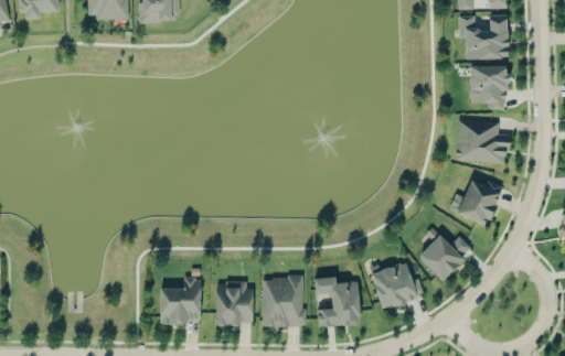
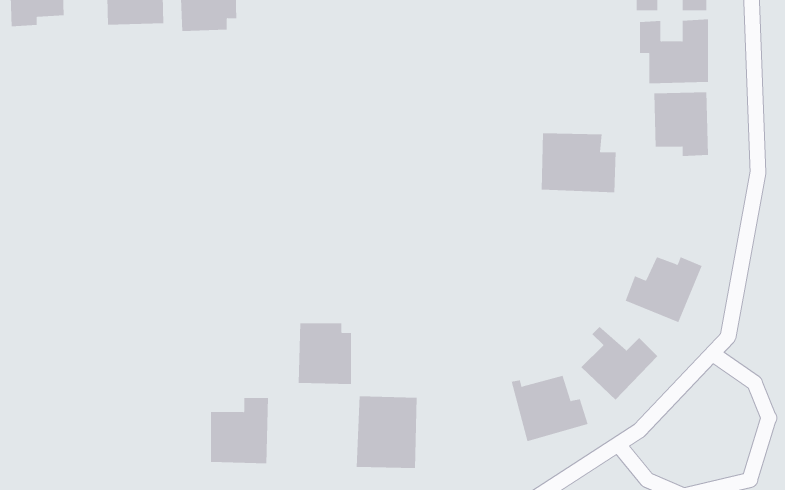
building: [456,121,509,163] -> [541,133,617,193]
building: [313,277,361,326] -> none
building: [215,282,253,325] -> [298,323,352,385]

